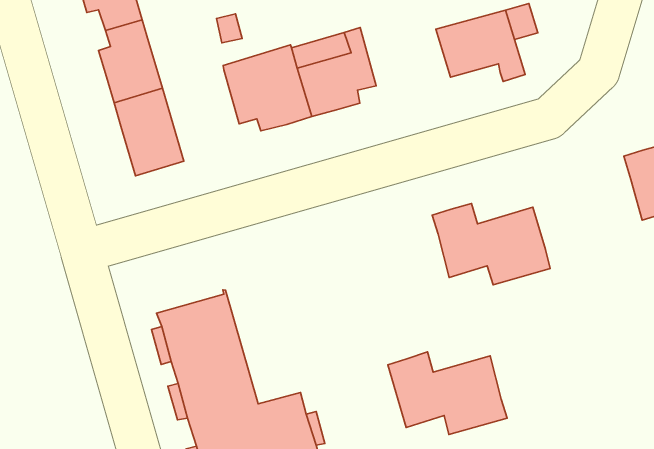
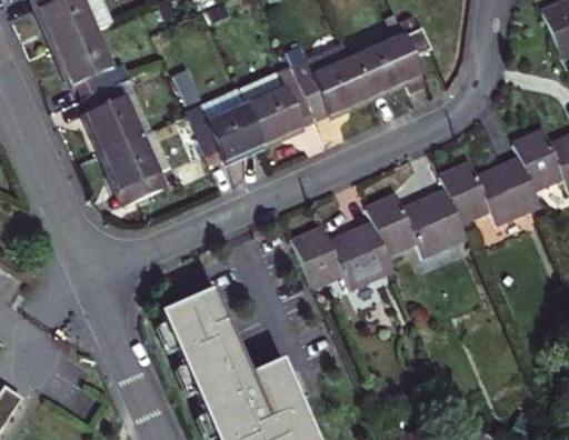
building: none -> [286,42,368,112]
building: none -> [441,158,541,224]
building: [388,352,507,434] -> [295,221,395,288]

